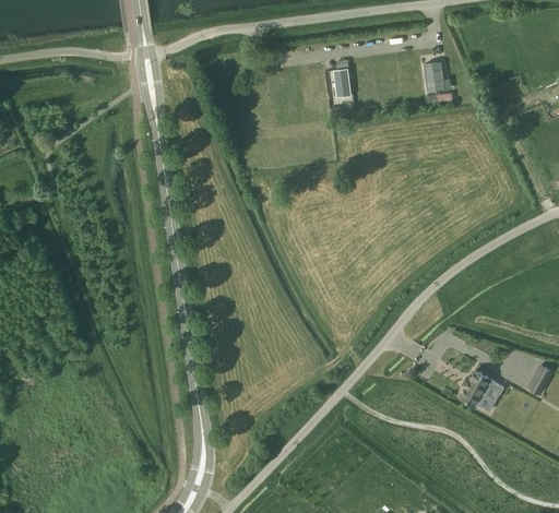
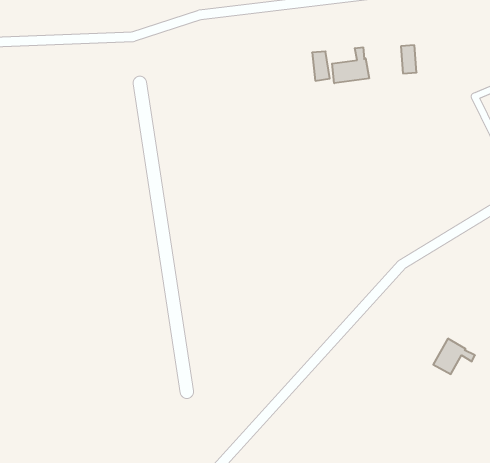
building: none -> [332,47,369,83]

